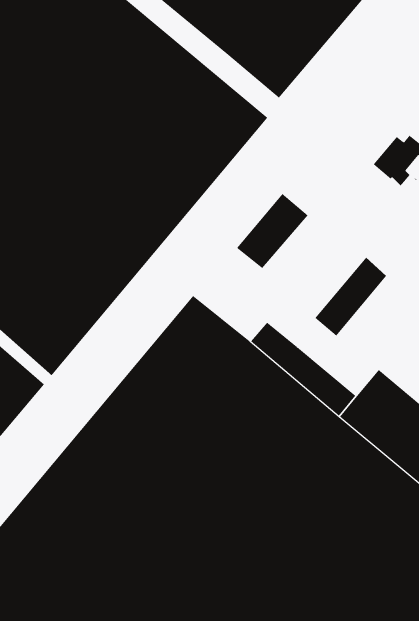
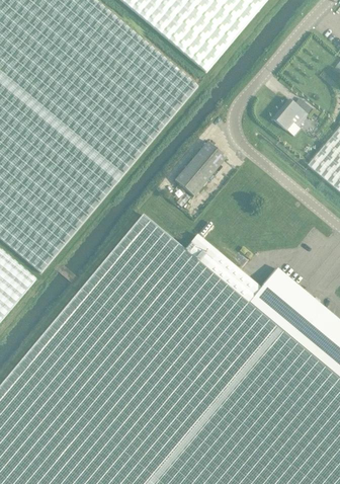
building: [314,257,387,337] -> none

